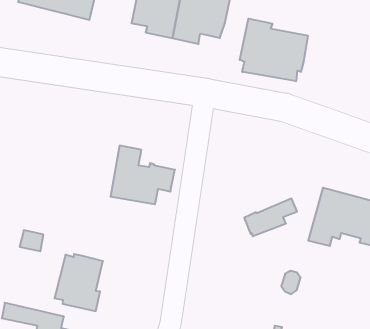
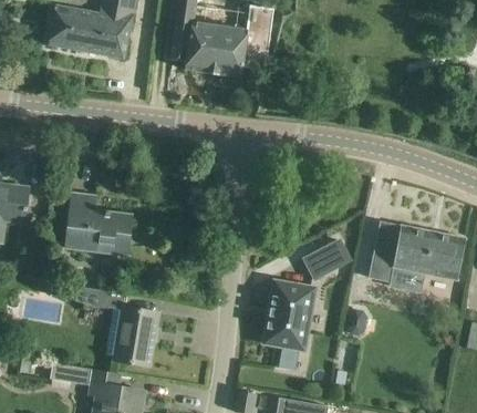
building: [240,19,308,81] -> none
building: [110,146,175,204] -> [66,193,133,252]
building: none -> [265,281,315,350]

